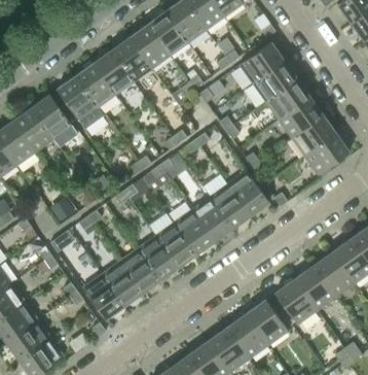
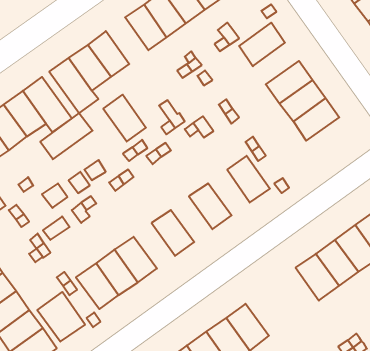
building: [111,37,152,82] -> [103,95,146,142]
building: [253,62,297,102] -> none
building: none -> [40,113,93,159]
building: [304,134,349,175] -> none
building: [210,184,250,229] -> none
building: [174,210,214,254] -> none
building: [138,236,178,280] -> none
building: [274,279,317,325] -> none
building: [246,300,288,345] -> none
building: none -> [37,292,85,342]

